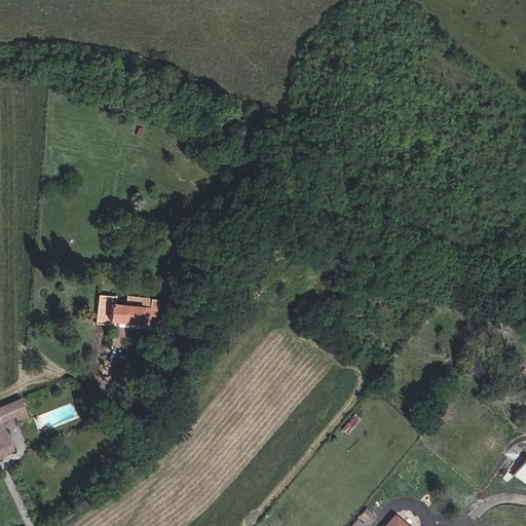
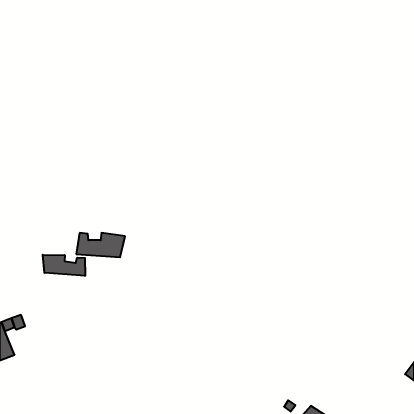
building: none -> [43,255,85,276]

